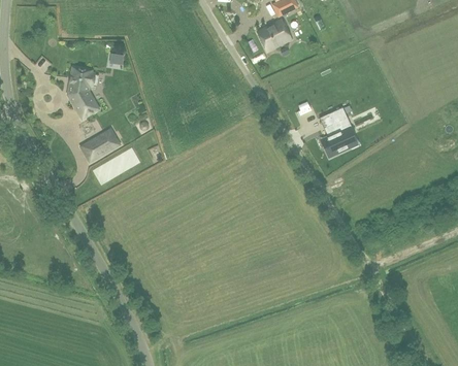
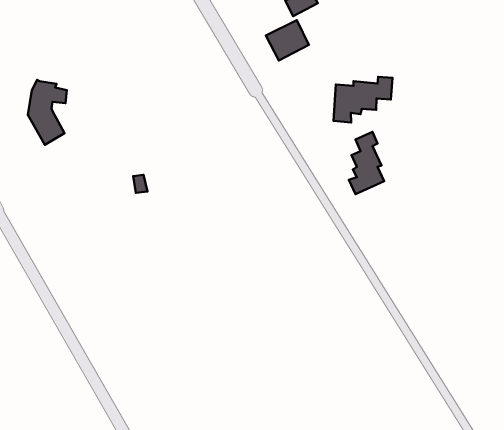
building: none -> [333,77,393,122]
building: [81,128,119,159] -> none

